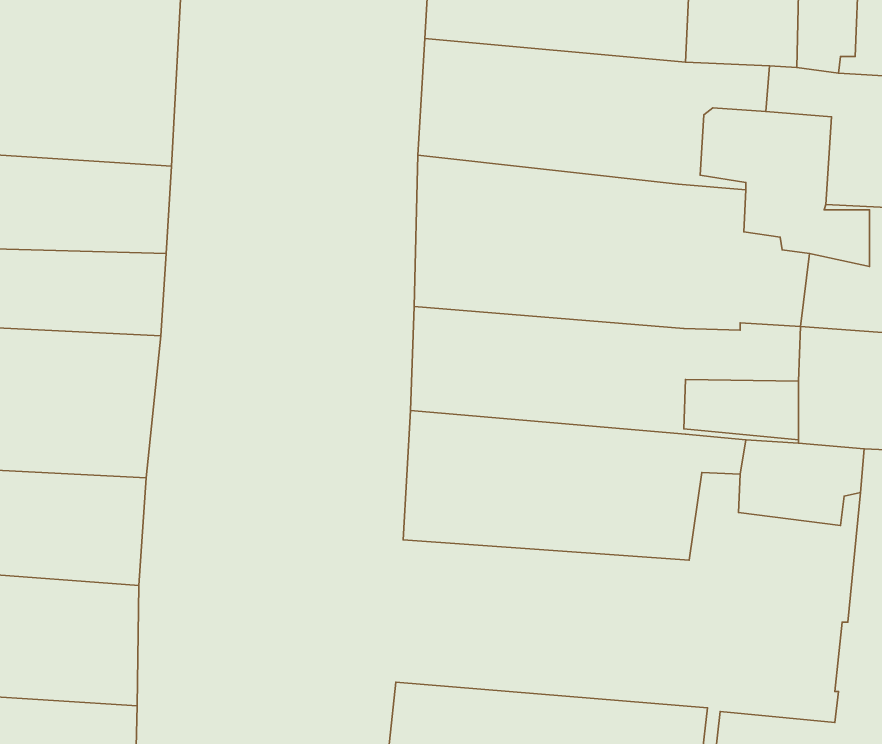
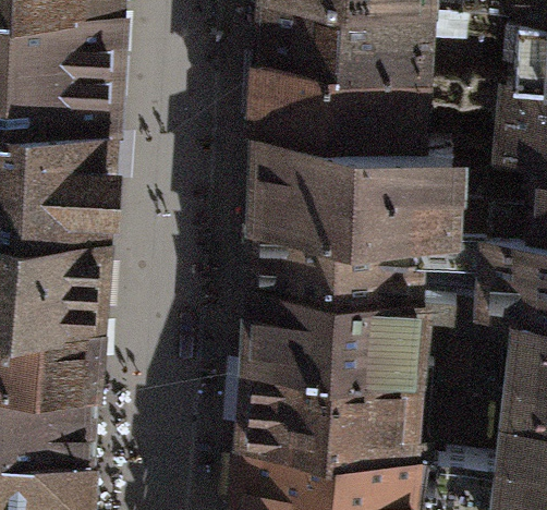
building: none -> [245,360,436,460]

